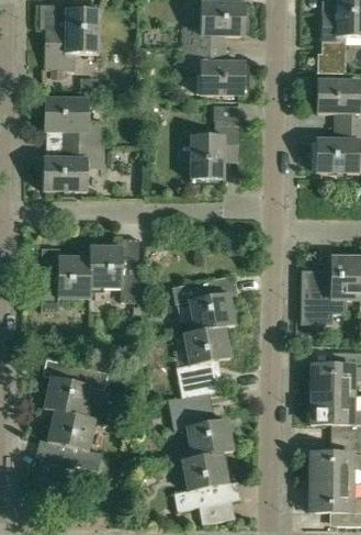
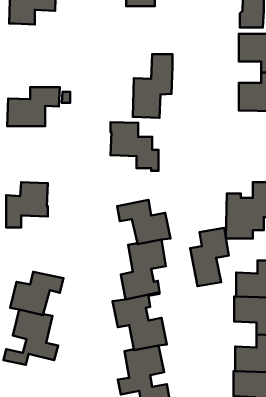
building: [183,47,244,94] -> none
building: [43,98,104,144] -> none
building: [89,246,146,304] -> [110,122,158,171]
building: none -> [190,228,229,286]

